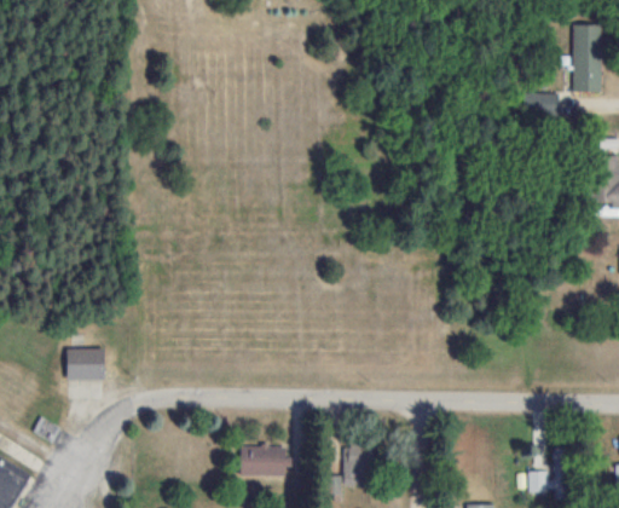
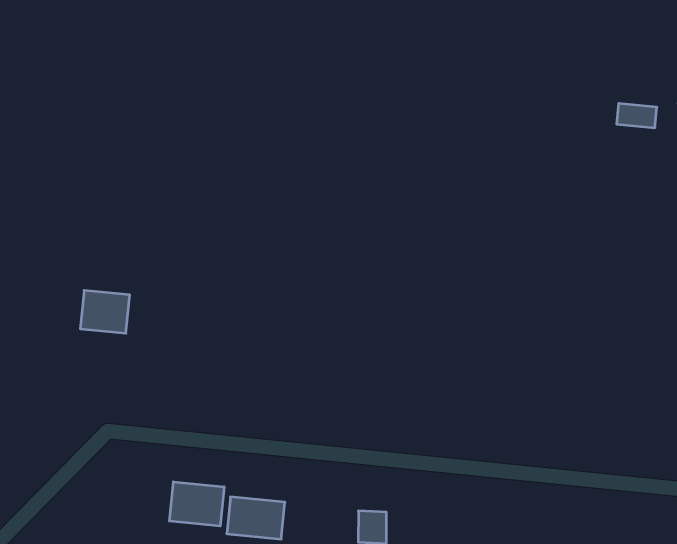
building: [66,348,104,380] -> [80,290,130,333]
building: none -> [169,482,224,526]

